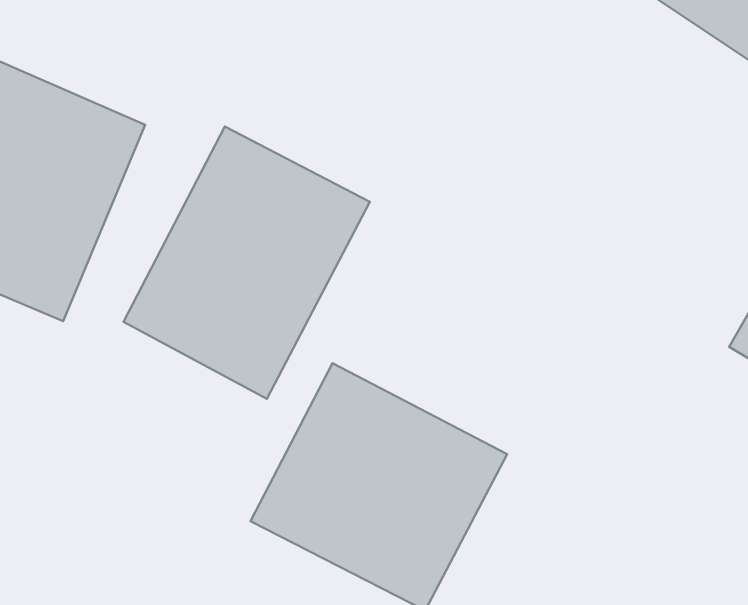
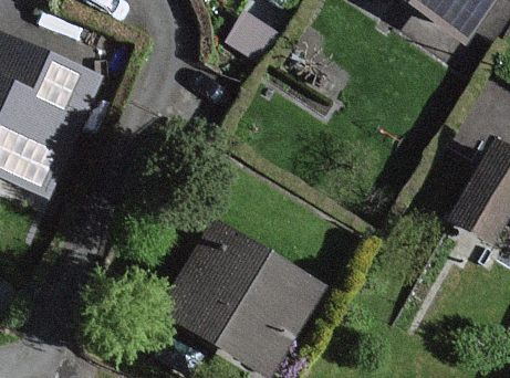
building: [123,126,370,399] -> none

